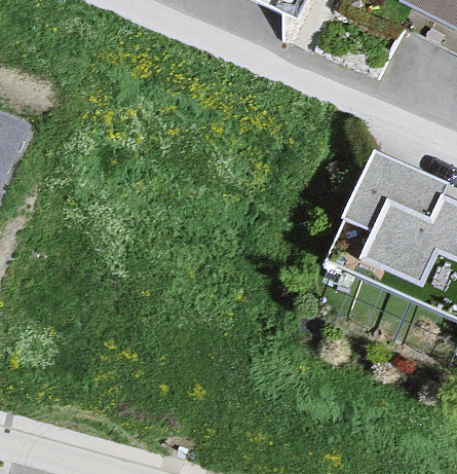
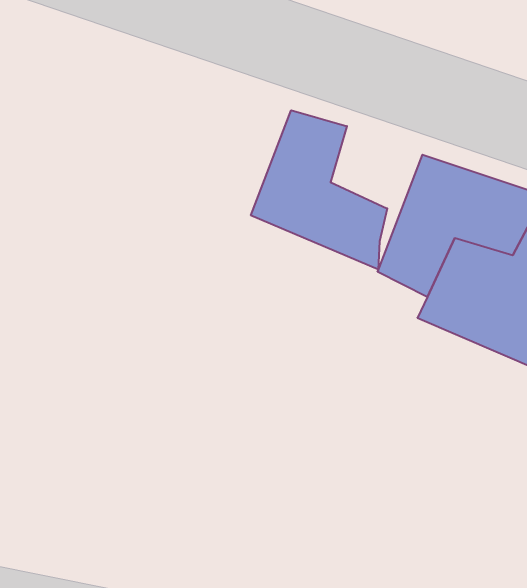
building: none -> [251,110,387,270]

